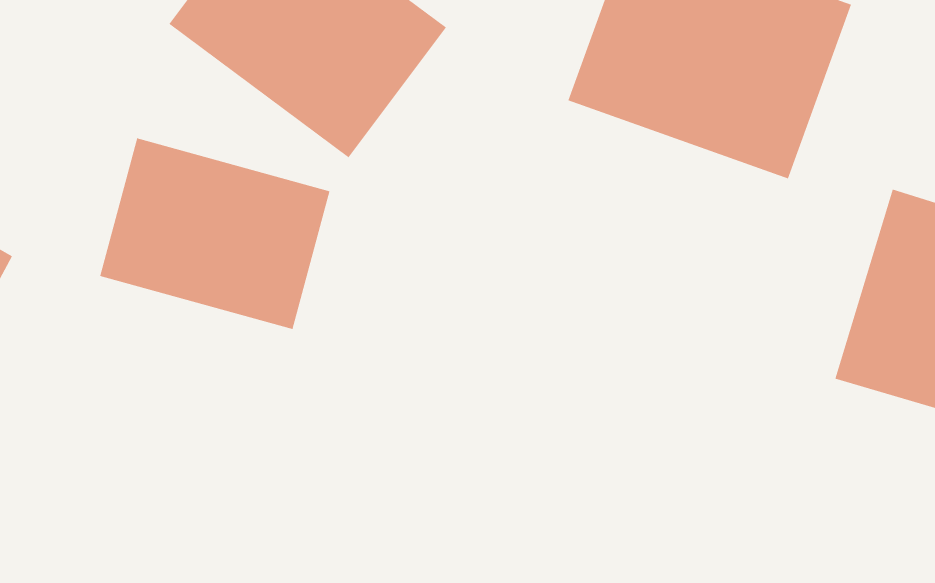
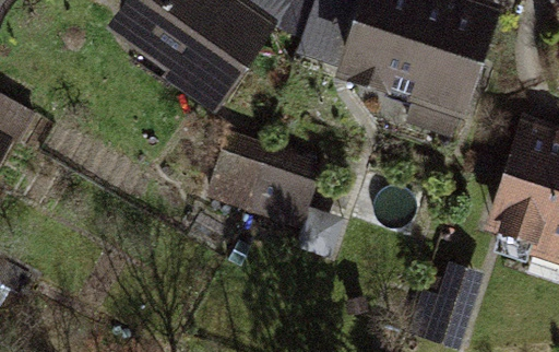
building: [99,138,330,330] -> none
building: none -> [215,142,328,231]

